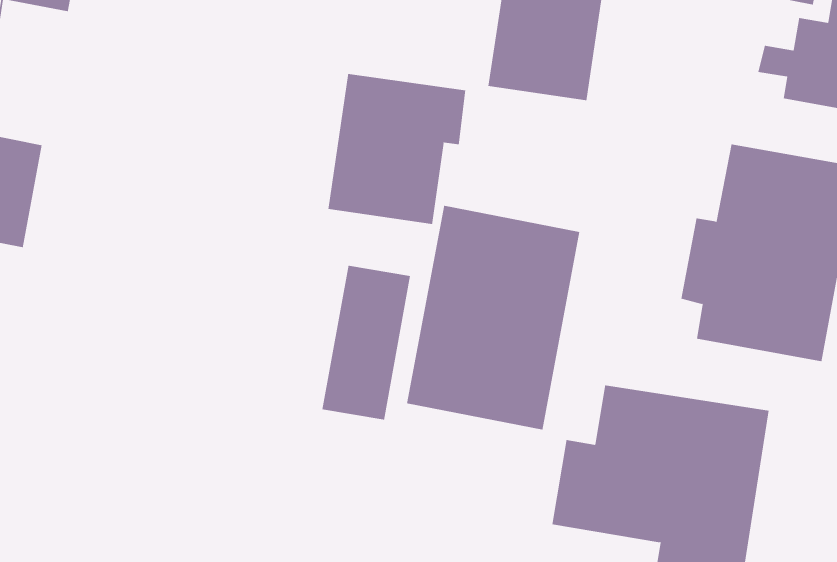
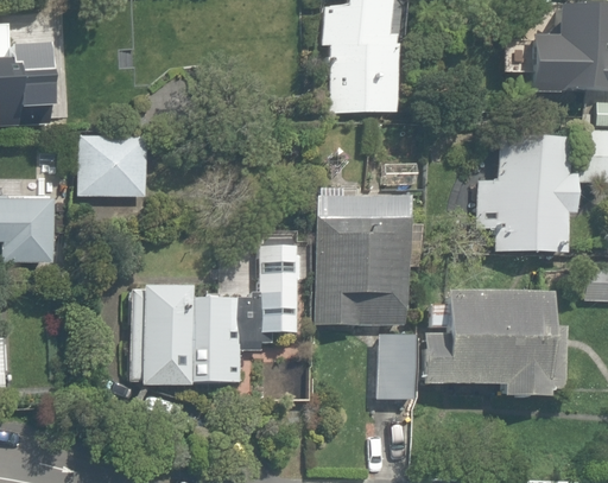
building: none -> [72,131,154,191]
building: [328,73,466,225] -> none
building: none -> [133,278,246,383]
building: none -> [379,331,416,399]

